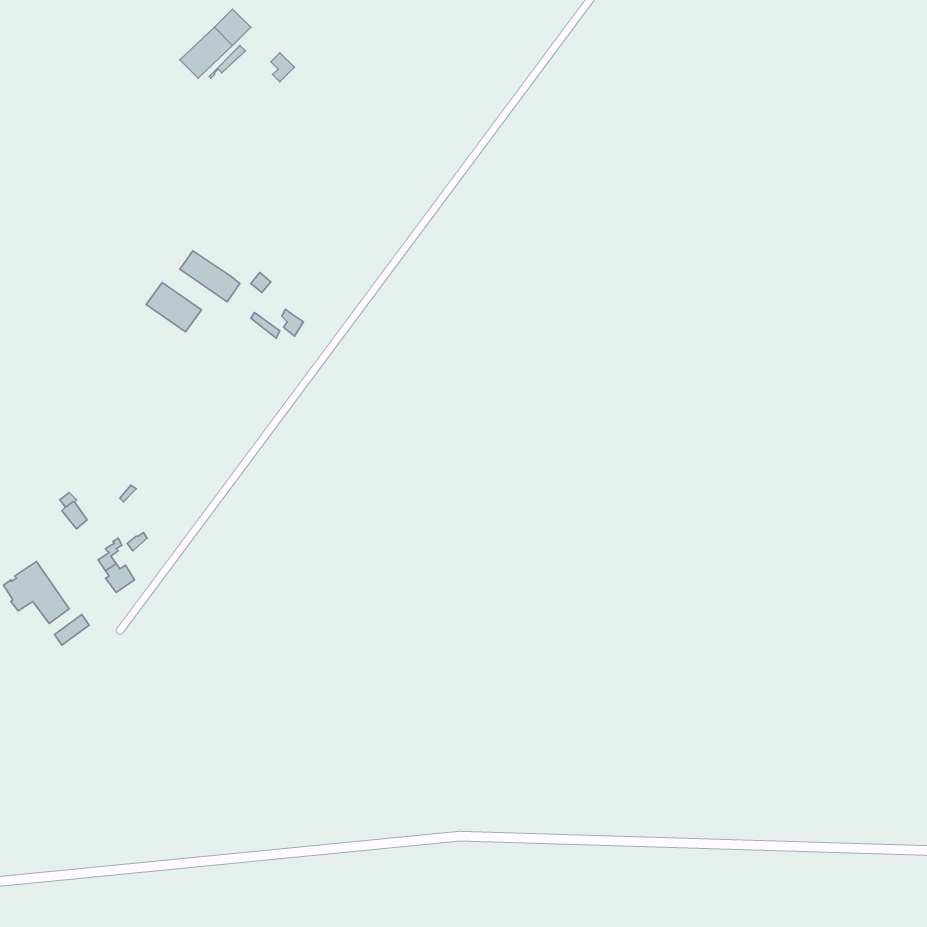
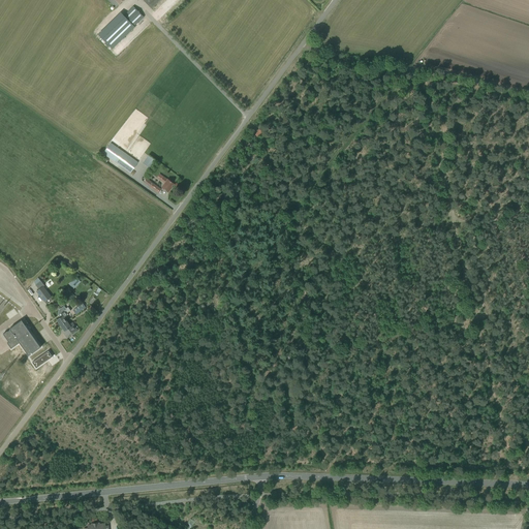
building: [146,282,202,332] -> none

